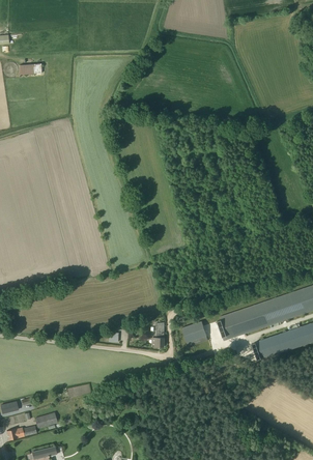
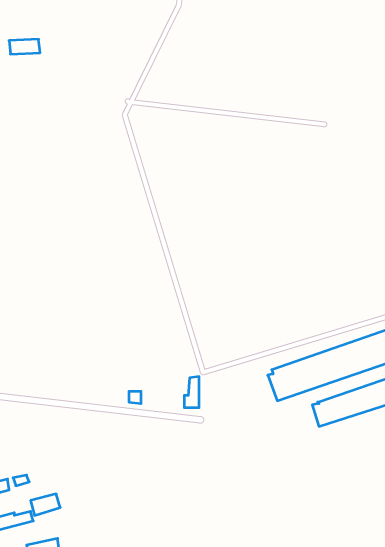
building: [182,321,209,347] -> none

